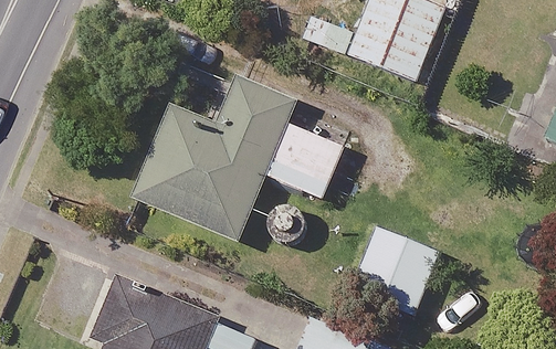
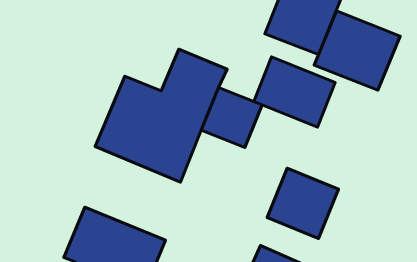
building: none -> [314,11,400,90]
building: none -> [254,57,335,127]

